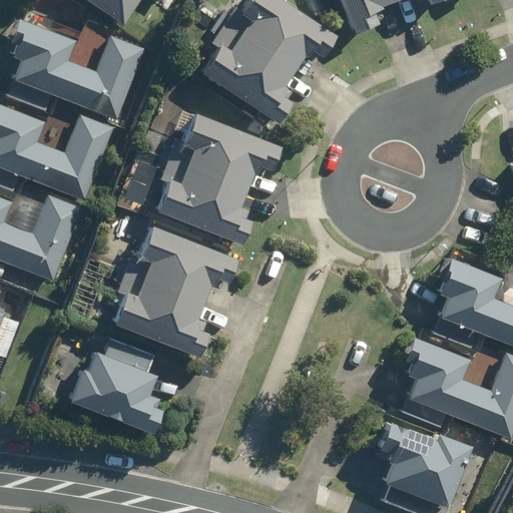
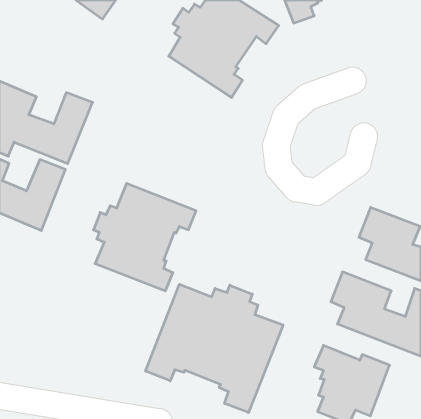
building: [7,17,142,120] -> none
building: [156,113,281,245] -> none
building: [72,341,162,434] -> none
building: none -> [146,284,283,413]

